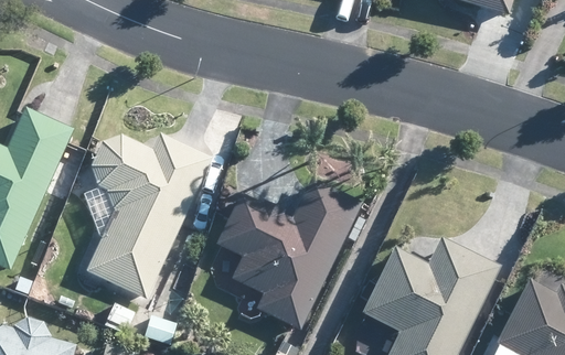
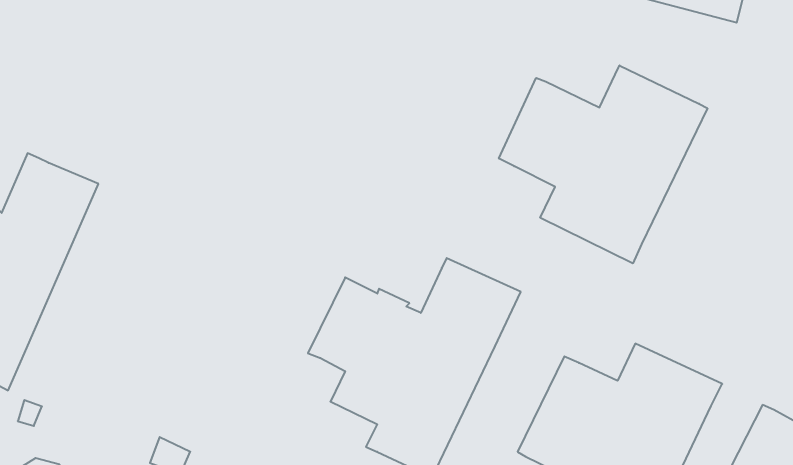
building: none -> [499,65,707,263]
building: [85,132,210,300] -> none

